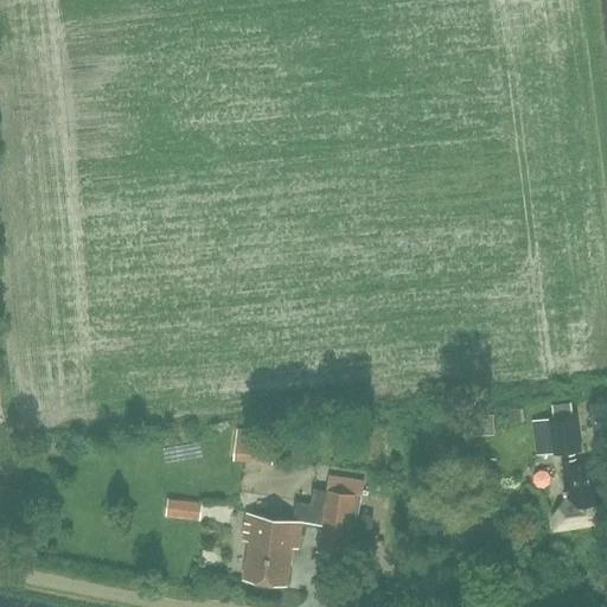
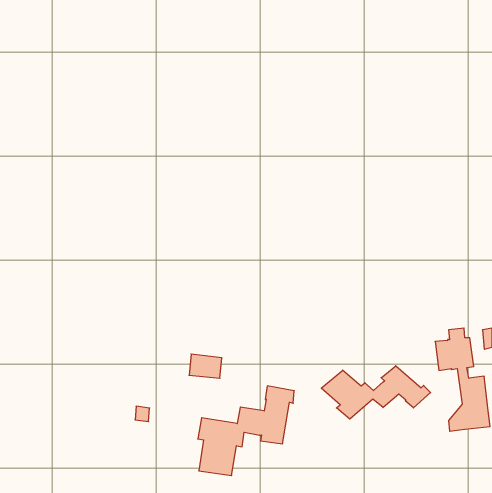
building: none -> [321,366,431,419]

